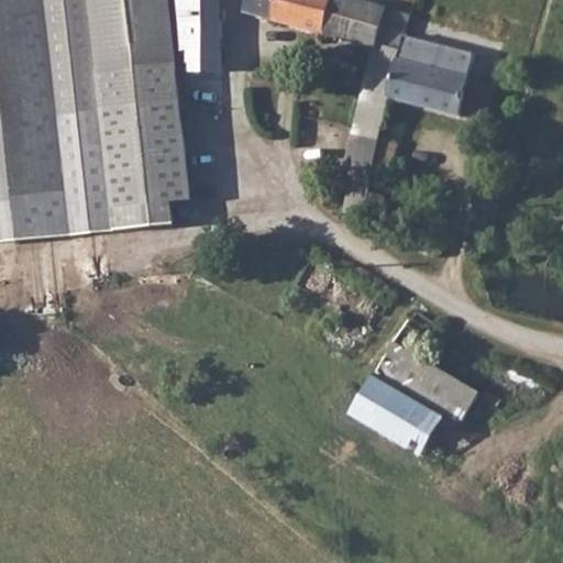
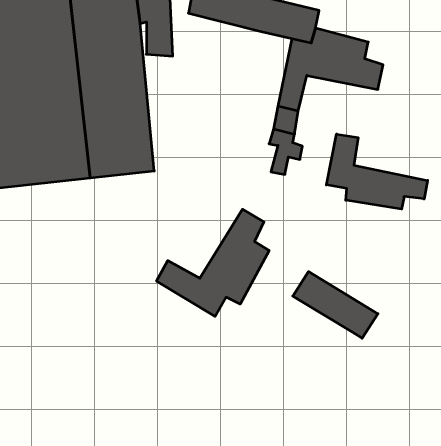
building: none -> [326,134,428,209]
building: none -> [157,209,269,316]
building: [347,375,442,459] -> none

